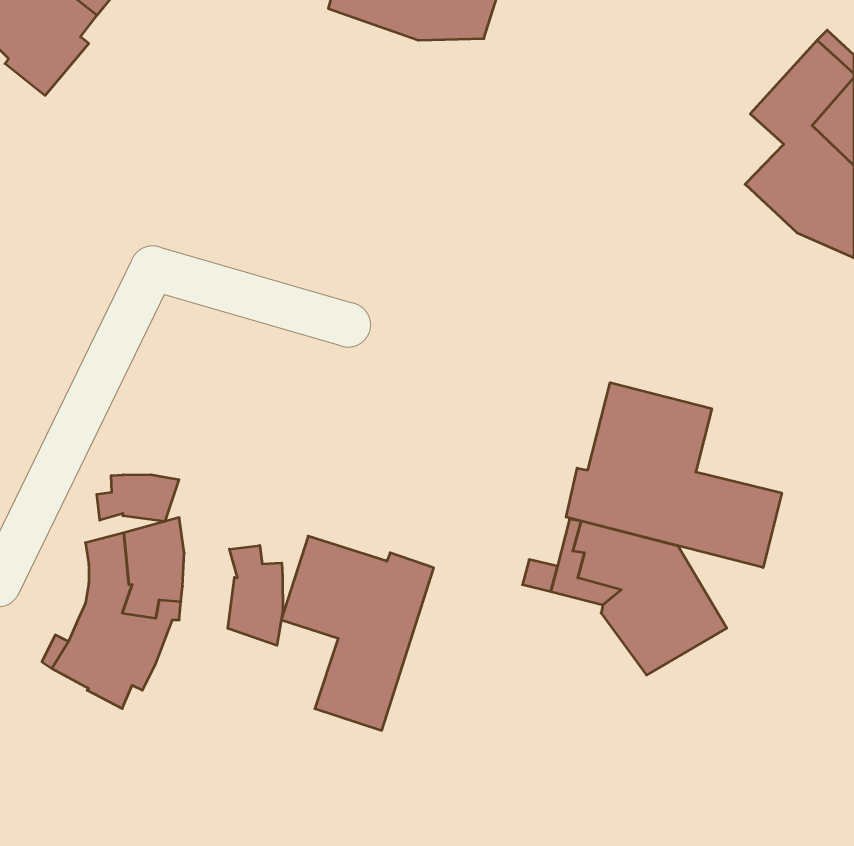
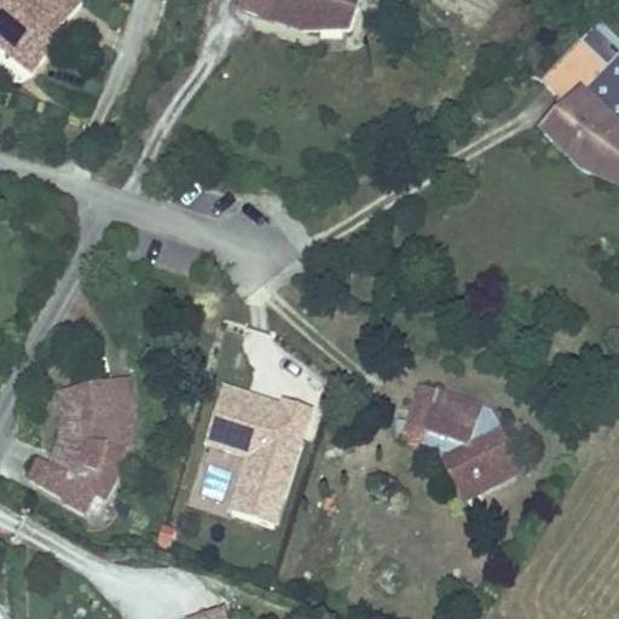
building: [566,383,782,568] -> none
building: [97,475,179,522] -> none
building: [228,545,283,645] -> none

